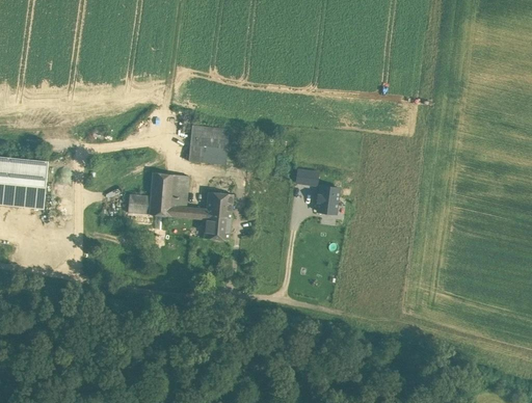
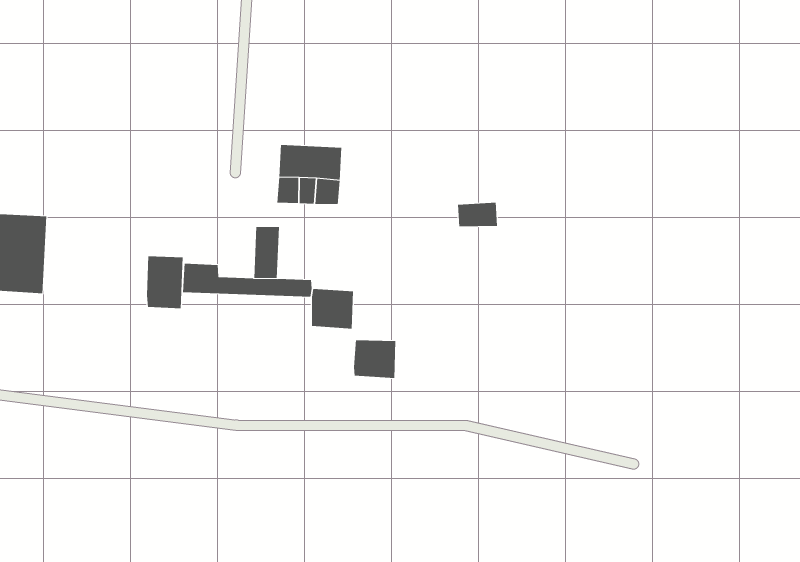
building: [150,172,174,206] -> [146,256,184,309]
building: [317,186,338,213] -> none
building: [206,192,233,217] -> [353,340,396,379]

